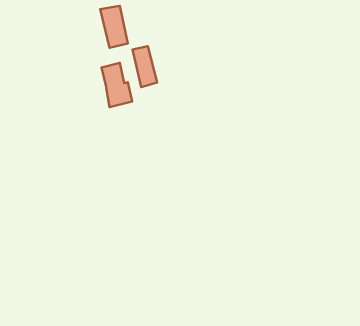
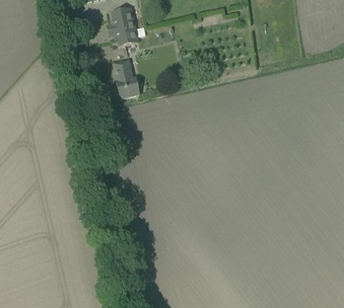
building: [132,46,157,87] -> none

